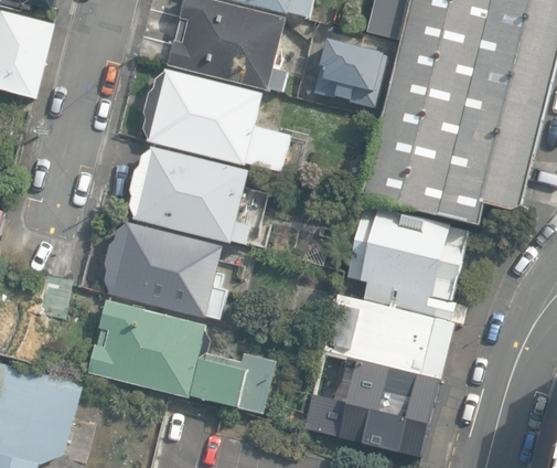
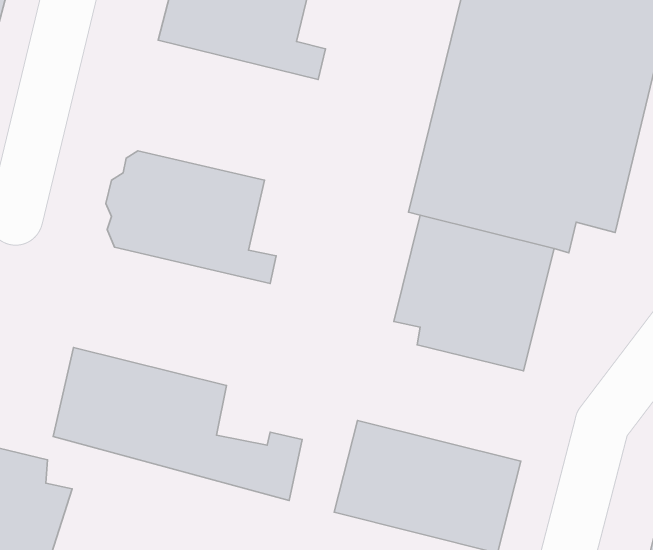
building: [313,40,384,106] -> none
building: [143,71,294,173] -> none
building: [101,220,231,319] -> none
building: [320,287,459,383] -> none

